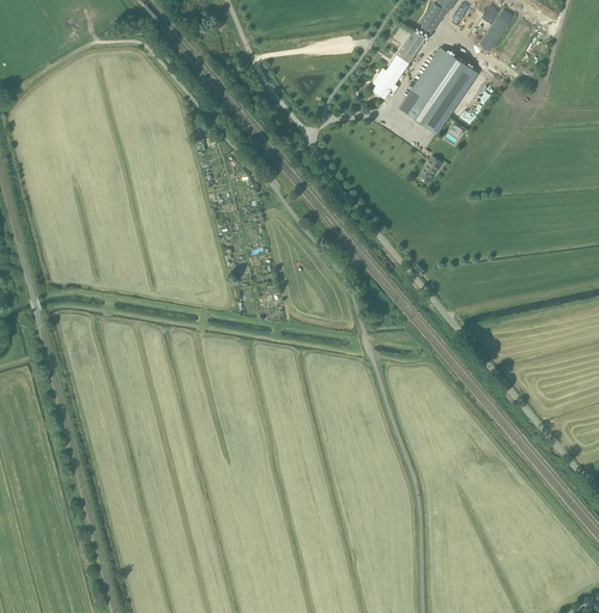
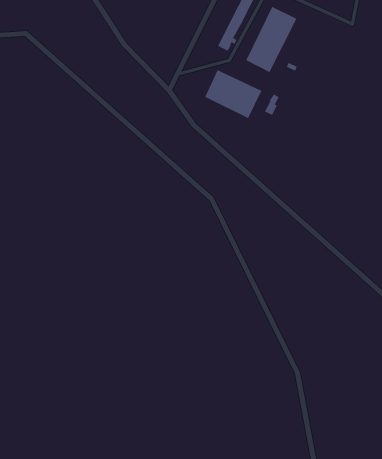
building: none -> [204,69,263,119]

